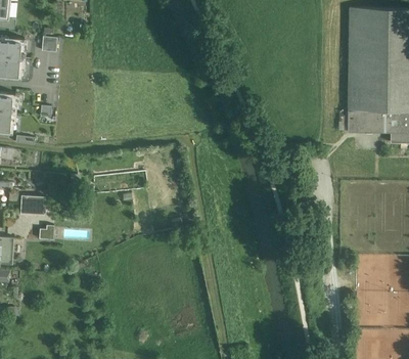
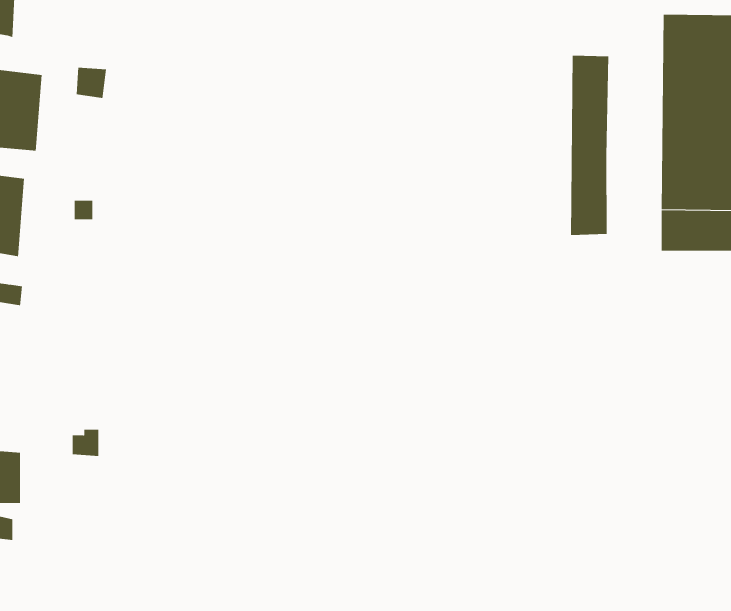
building: none -> [570,55,609,236]
building: [20,196,45,215] -> none

